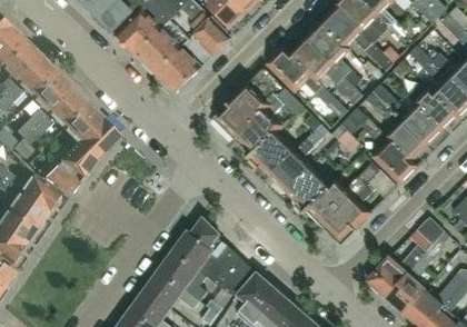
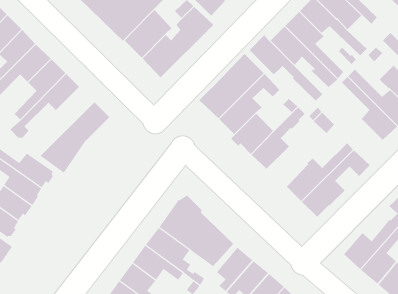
building: [39,103,105,177] -> none
building: [360,118,417,184] -> none
building: [287,167,330,215] -> none

